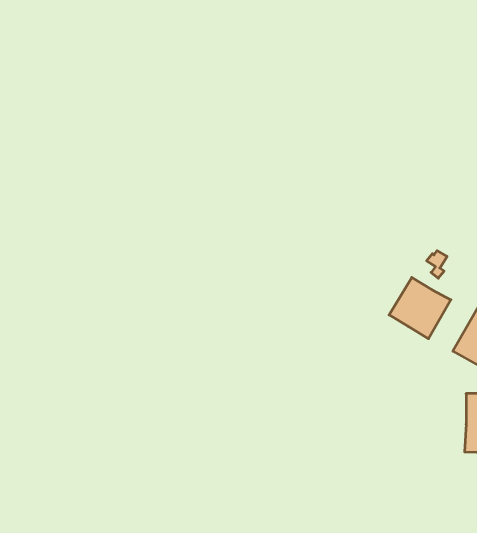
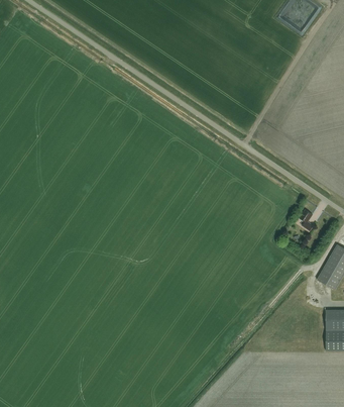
building: [389,277,451,339] -> none

